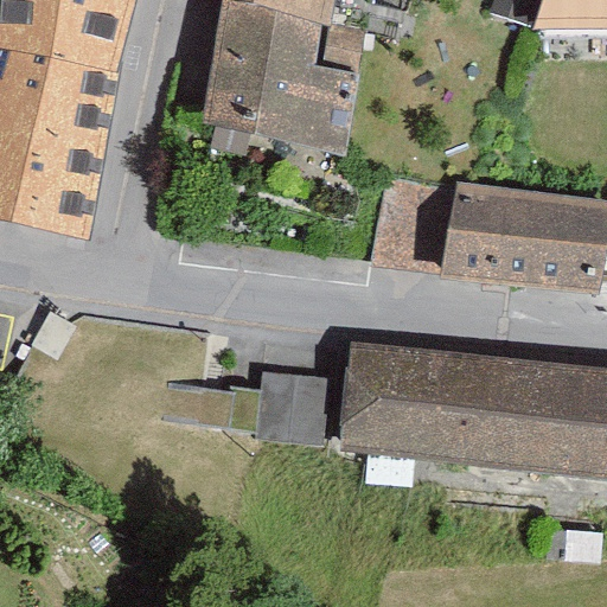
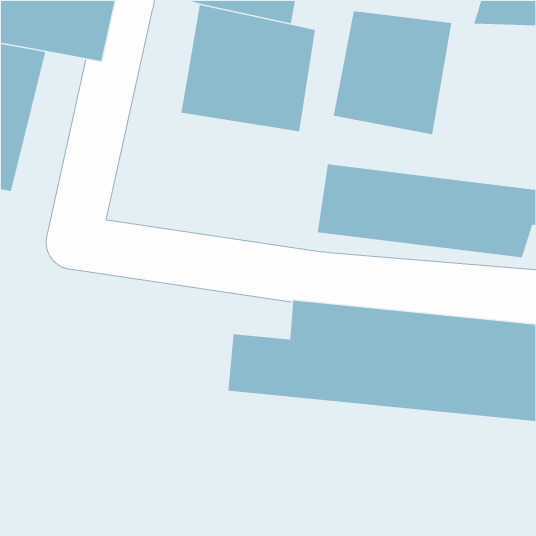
building: none -> [333,10,452,135]
building: [13,58,115,234] -> none

